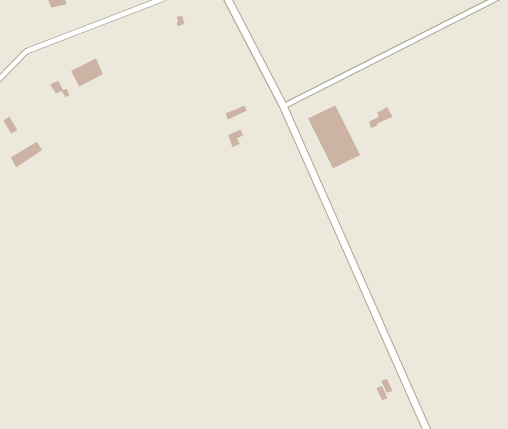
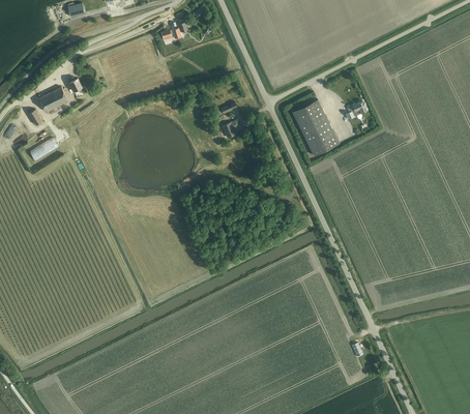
building: [70,58,104,87] -> [38,87,67,113]

